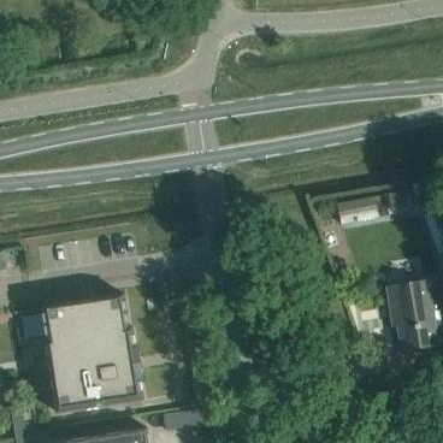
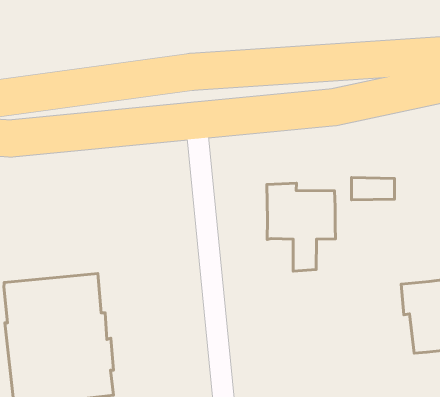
building: none -> [267,183,335,271]

